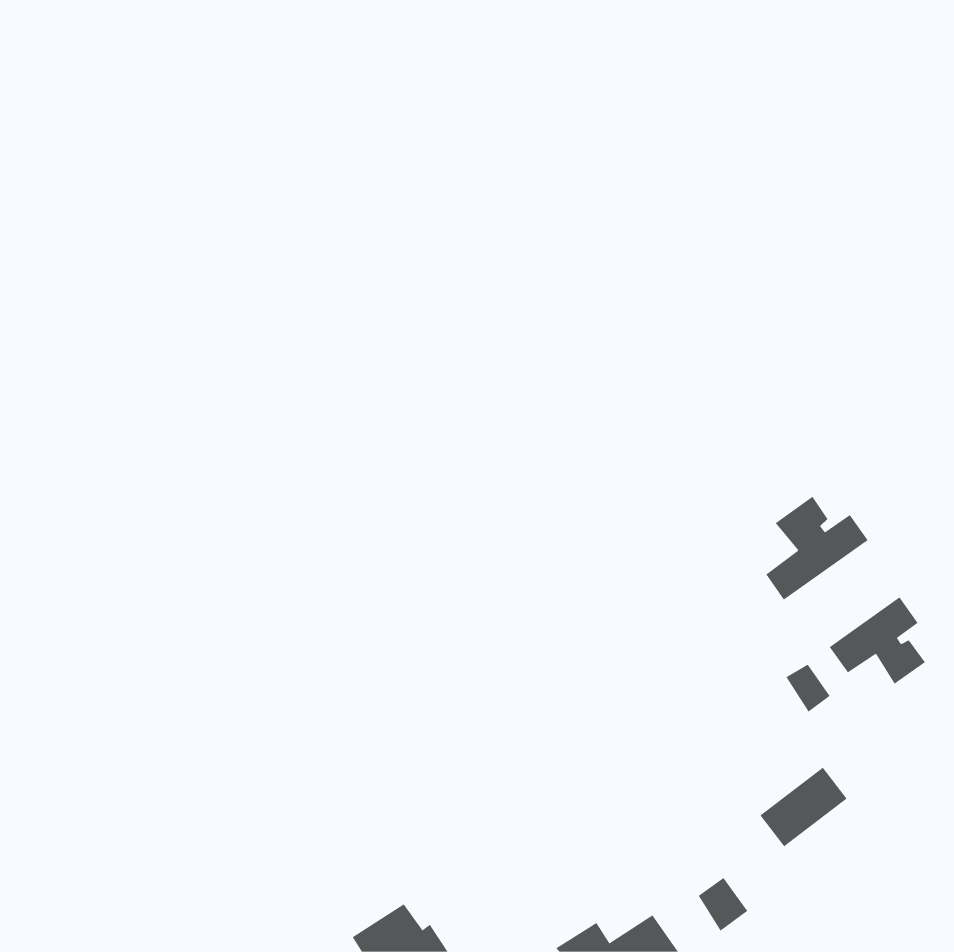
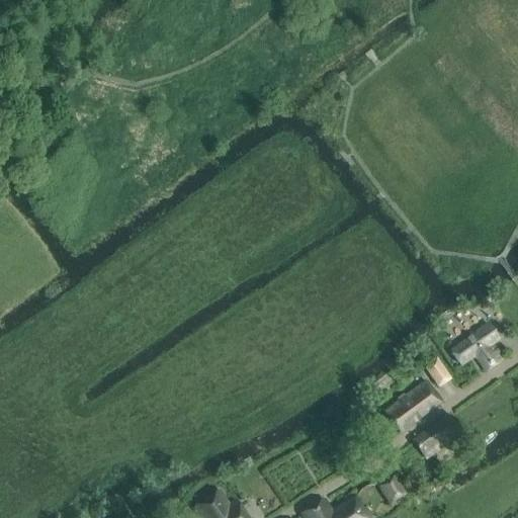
building: [765,496,868,600] -> none
building: none -> [383,380,439,430]

